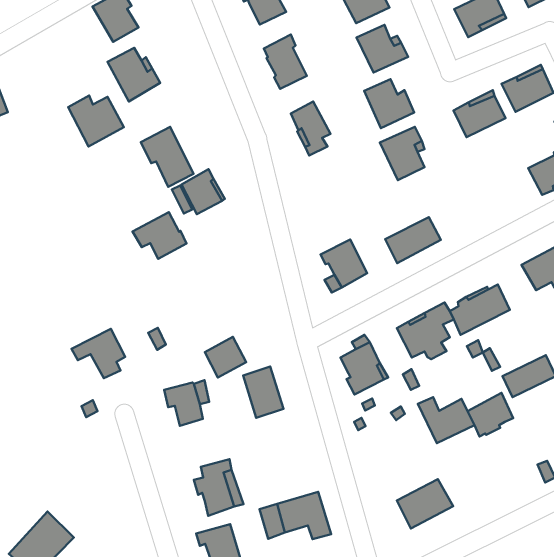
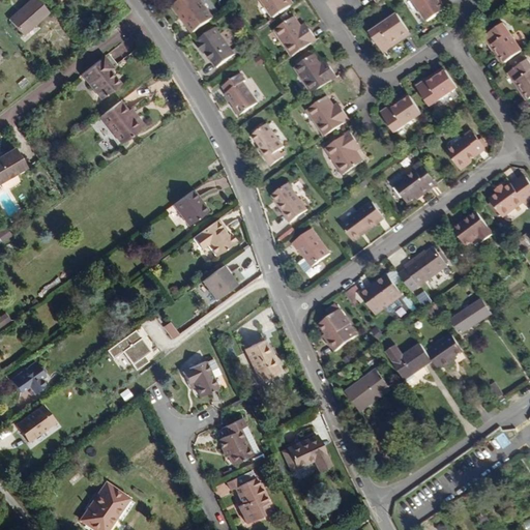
building: [68,96,124,146] -> none
building: [141,127,193,187] -> none
building: none -> [394,160,439,203]
building: none -> [271,182,308,223]
building: [132,212,186,259] -> [190,217,235,256]
building: [205,337,246,378] -> [201,265,235,299]
building: [397,479,453,529] -> [346,369,391,411]

